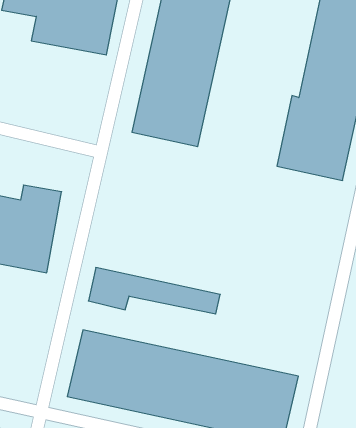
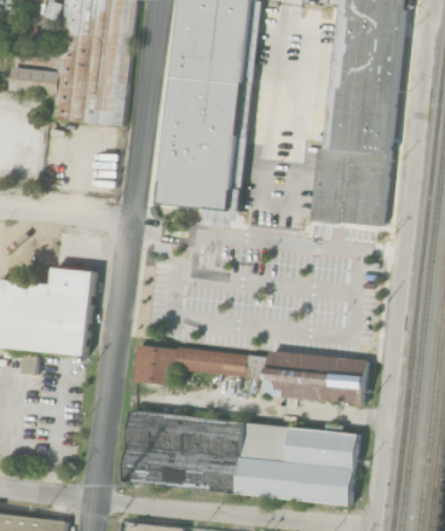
building: none -> [264,351,368,405]

